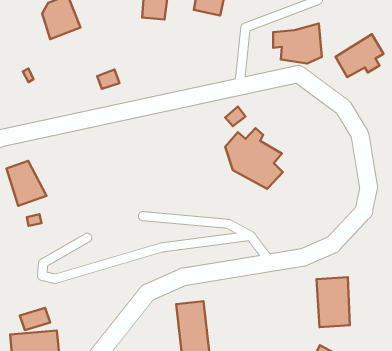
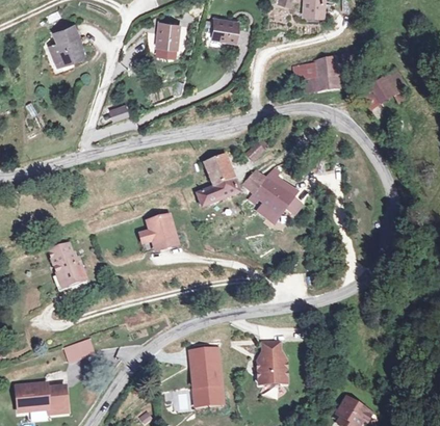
building: none -> [191,153,241,210]
building: [7,161,47,206] -> [46,243,88,291]
building: none -> [136,211,183,257]
building: [317,277,350,327] -> [254,338,289,391]
building: [20,308,50,330] -> [64,338,97,362]

